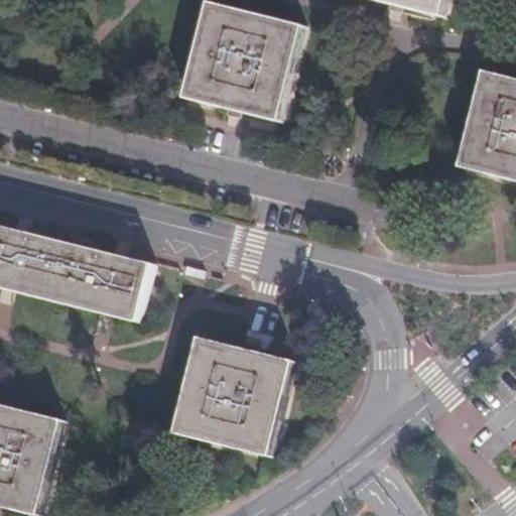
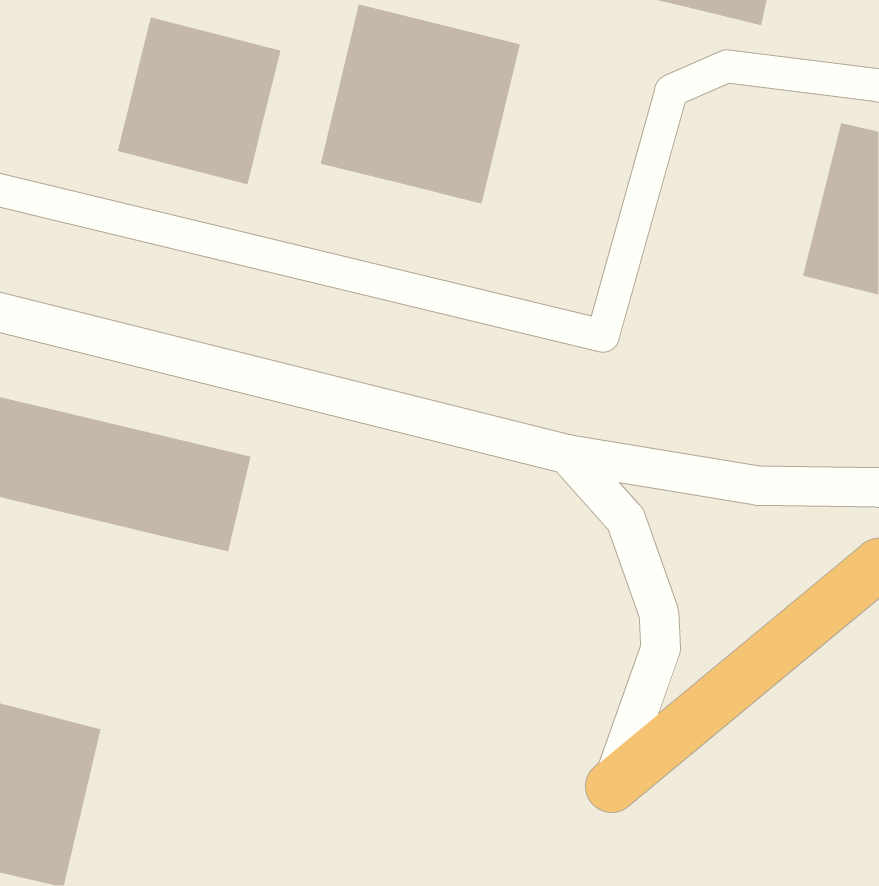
building: none -> [117,16,282,185]
building: [176,339,288,452] -> none

